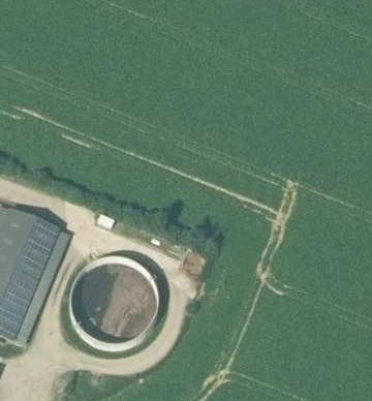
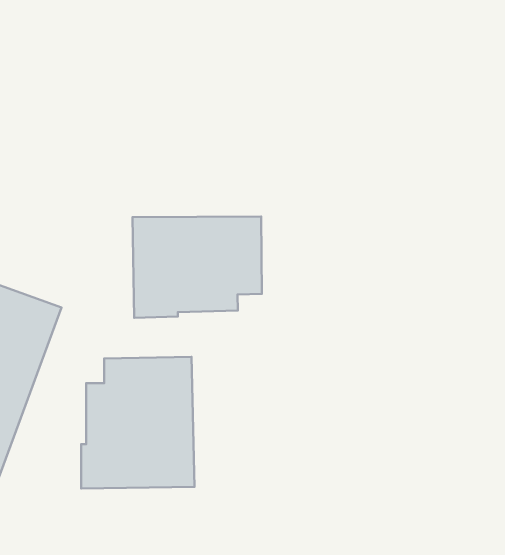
building: none -> [133,217,262,318]

